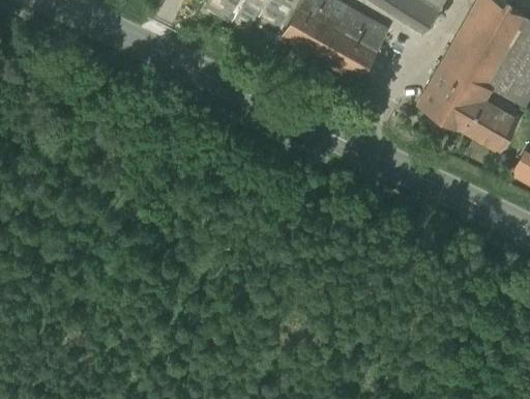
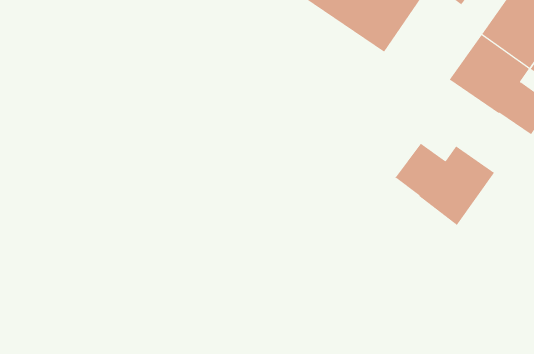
building: none -> [394,143,495,226]

